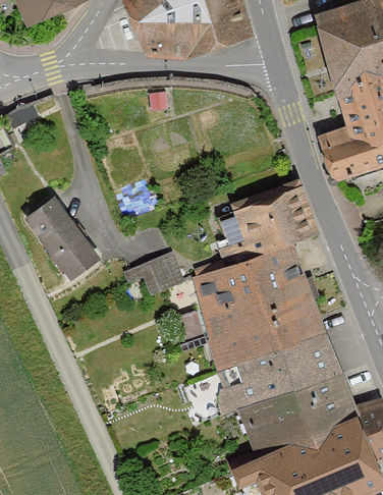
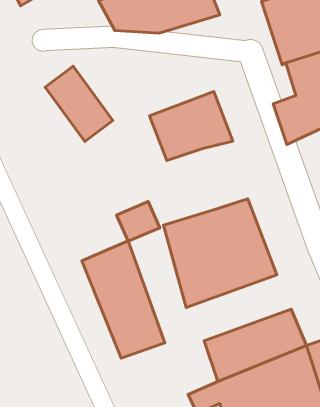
building: [231,182,325,260] -> [150,92,233,160]
building: [28,197,104,281] -> [45,66,113,141]
building: none -> [82,241,165,358]
building: [222,332,340,409] -> none

